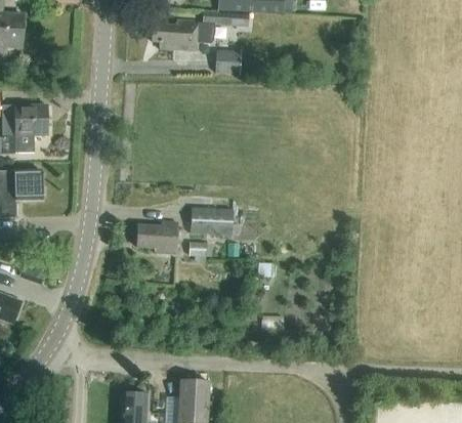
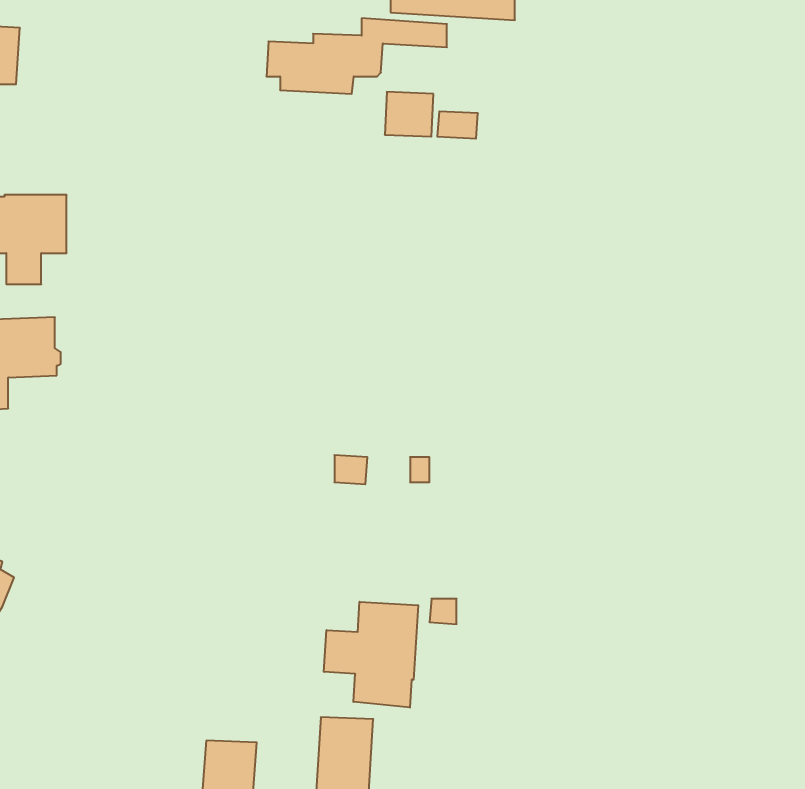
building: [190,206,241,235] -> none
building: [137,220,177,252] -> none
building: none -> [324,602,418,708]

